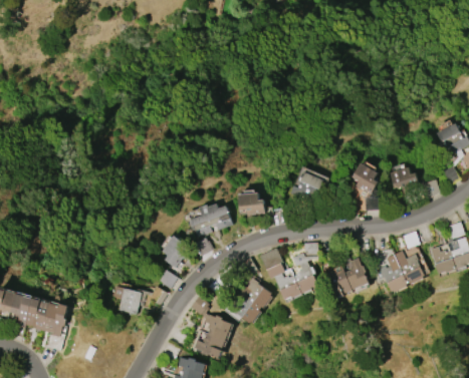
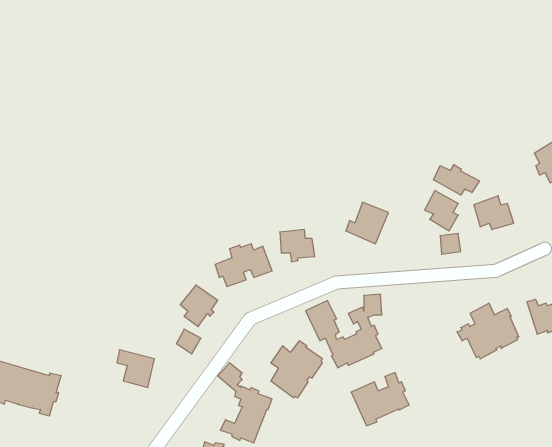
building: none -> [434,165,479,195]
building: [324,258,370,299] -> [351,373,409,426]

